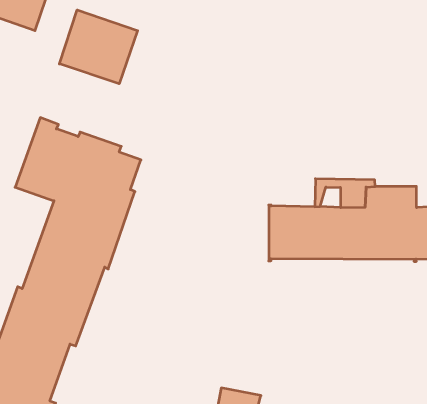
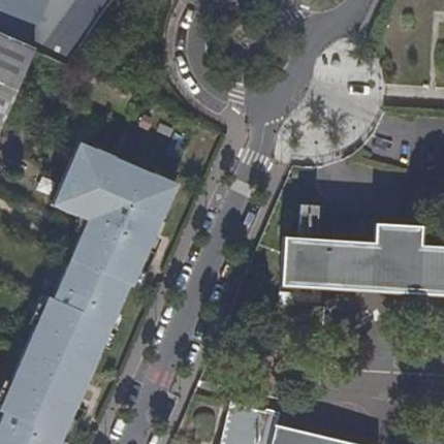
building: [59,10,138,84] -> none

